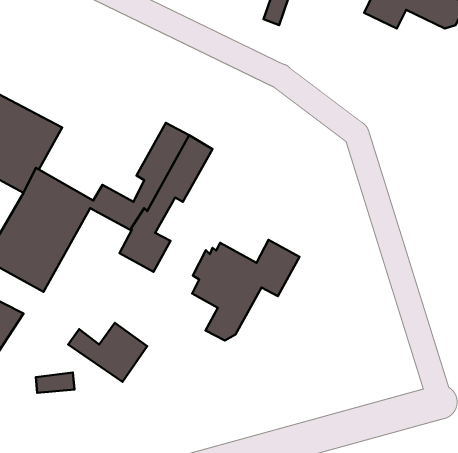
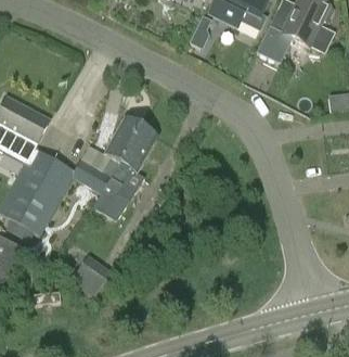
building: [192,240,299,341] -> none

